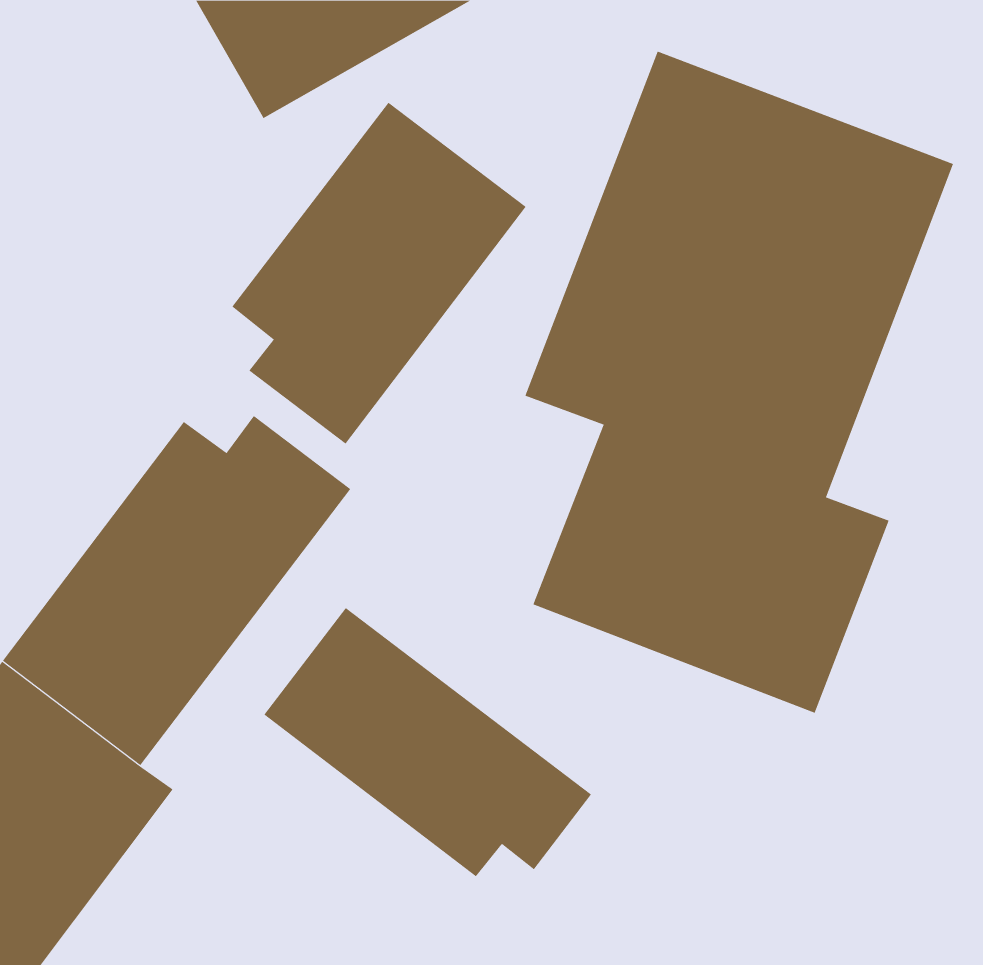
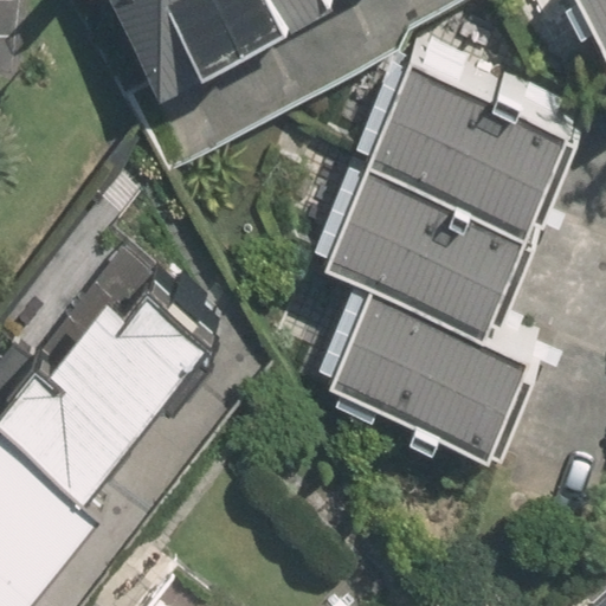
building: [231,102,527,445] -> none
building: [264,607,592,877] -> none

